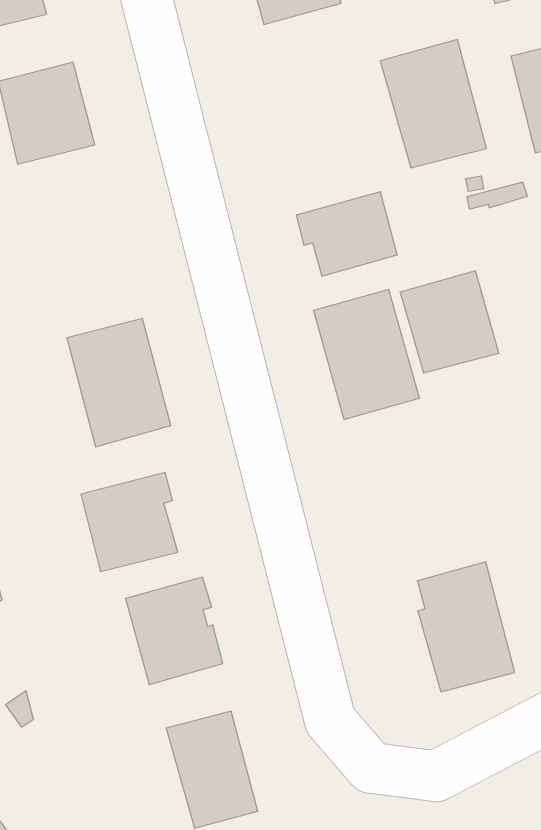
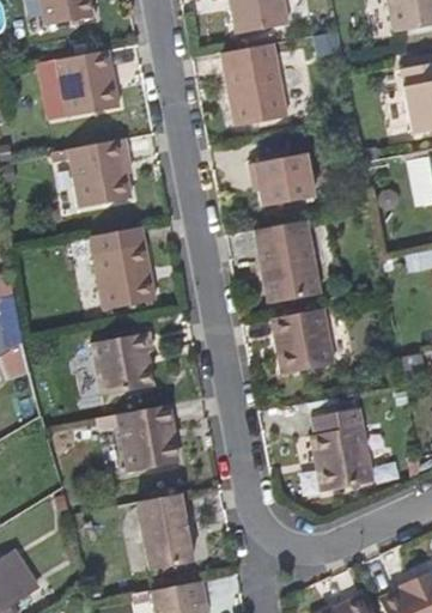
building: [380,40,486,168] -> [220,44,287,128]
building: none -> [67,141,130,211]
building: [400,271,499,373] -> [272,306,335,372]

